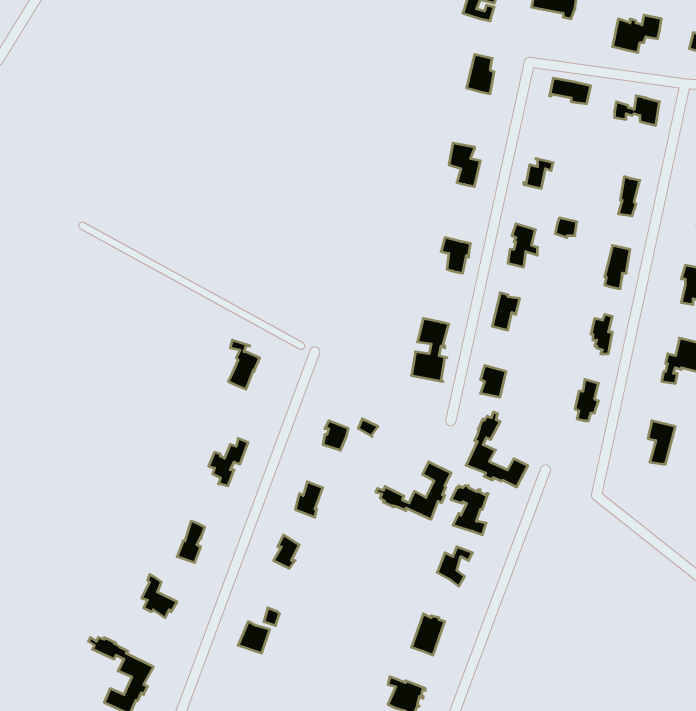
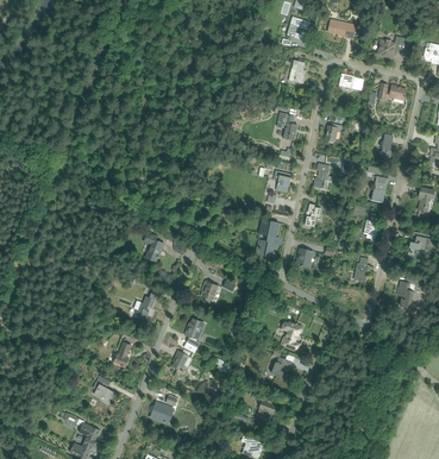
building: [466,412,528,487] -> none
building: [376,462,451,519] -> none

